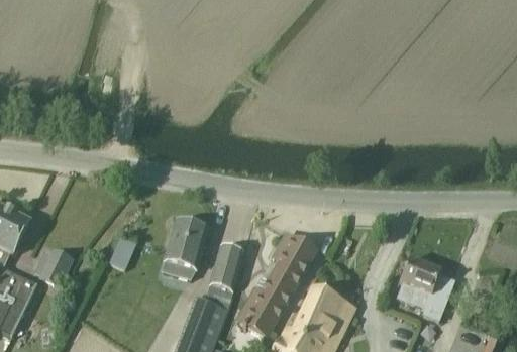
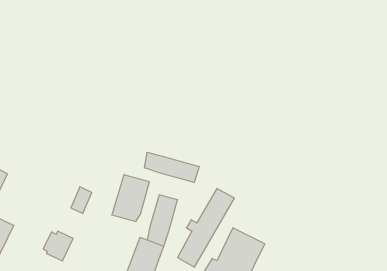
building: none -> [145,152,199,183]
building: [35,248,73,285] -> [43,231,73,261]
building: [398,258,454,319] -> none

